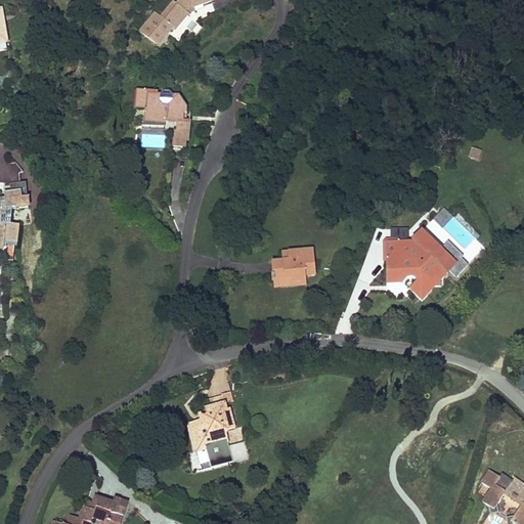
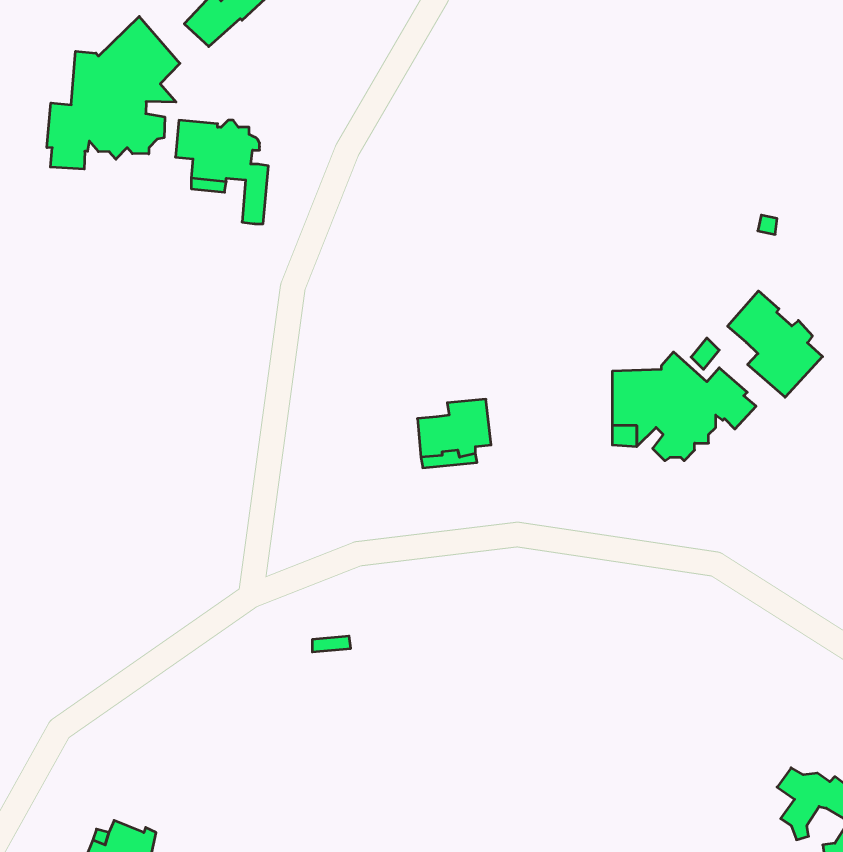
building: none -> [47,16,180,169]
building: none -> [728,291,823,397]
building: [187,402,248,468] -> none

